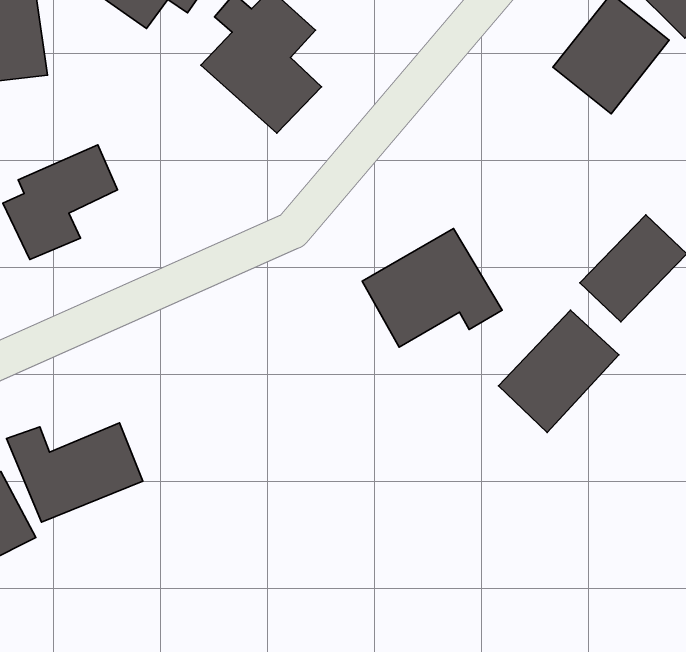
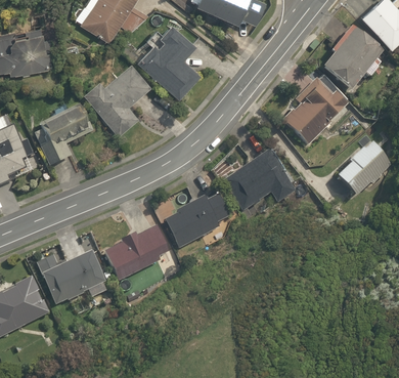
building: none -> [84,64,150,140]
building: none -> [164,191,230,250]
building: [498,310,619,432] -> [283,83,347,148]
building: none -> [102,225,172,284]

